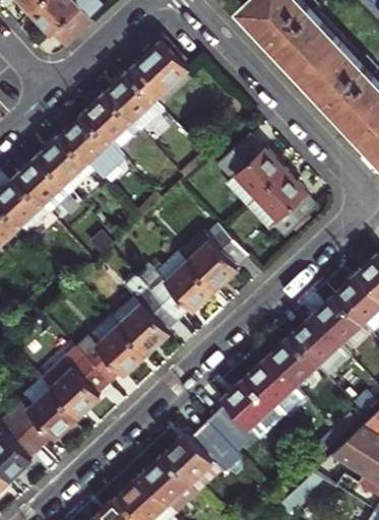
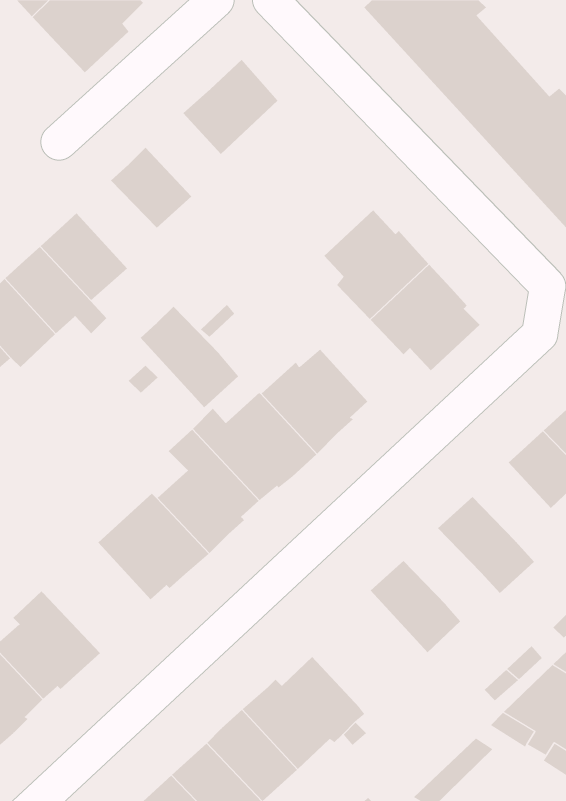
building: [103,75,154,128] -> none
building: [59,118,122,183] -> [140,306,239,408]
building: [310,297,360,346] -> none
building: [266,338,315,387] -> none
building: [38,347,106,417] -> none
building: [208,378,281,452] -> none

